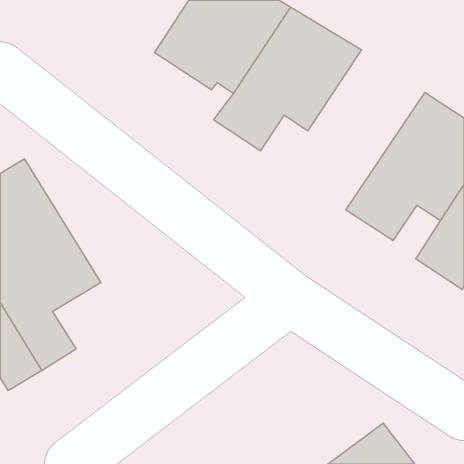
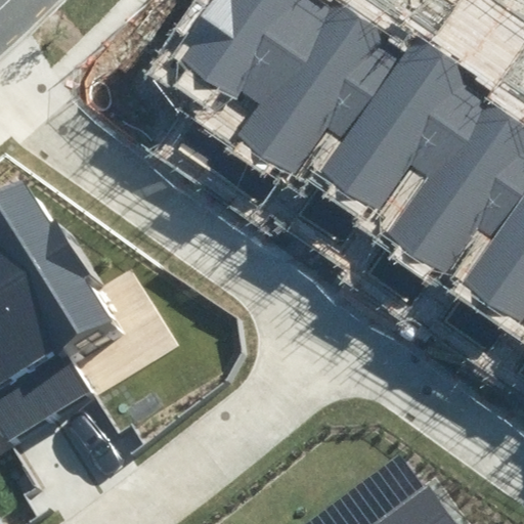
building: none -> [317,56,479,226]

